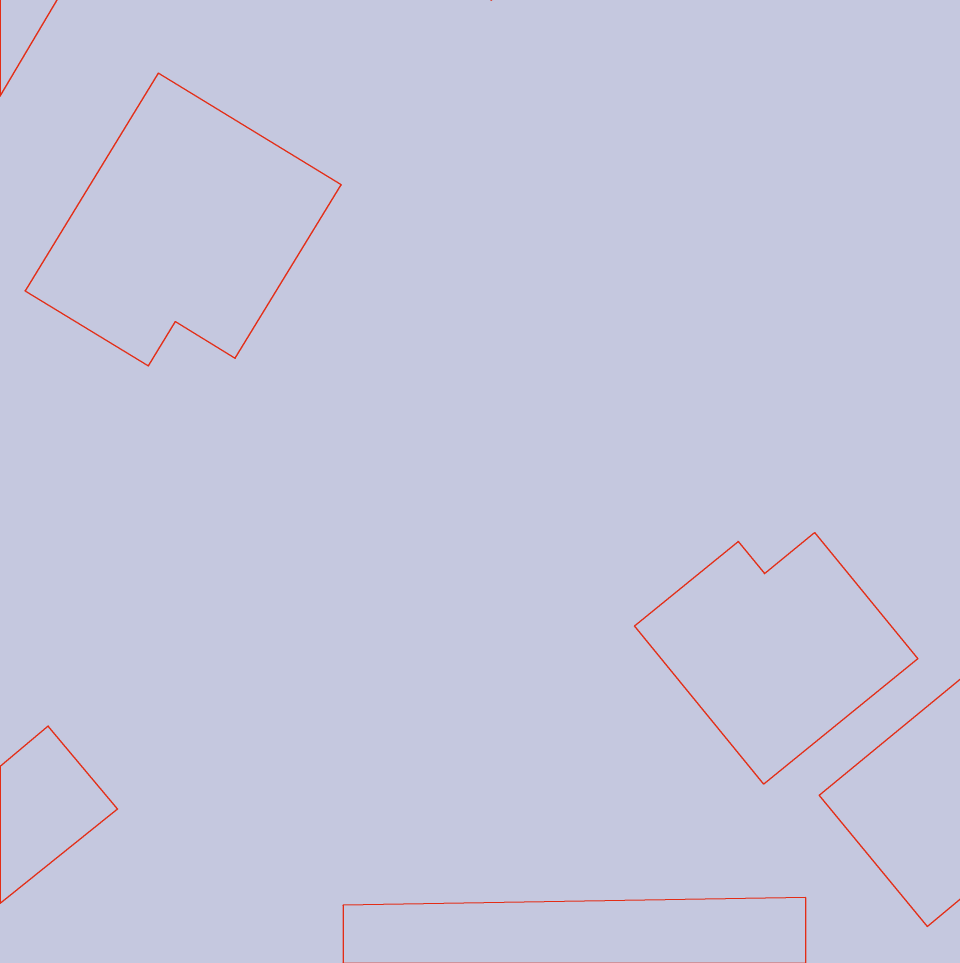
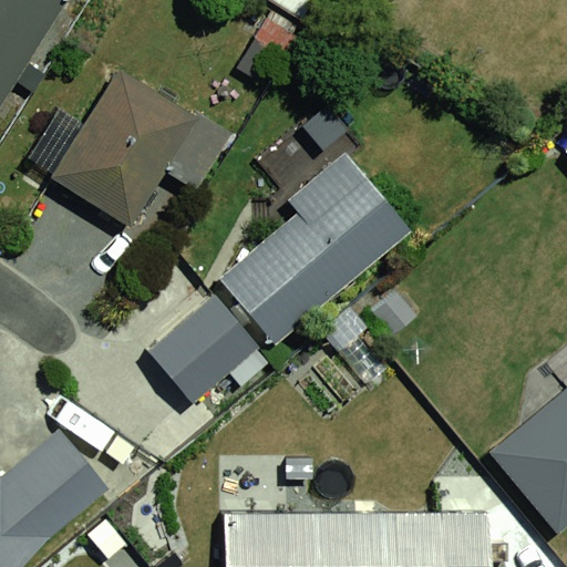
building: none -> [146,169,414,408]
building: [635,533,918,784] -> none

